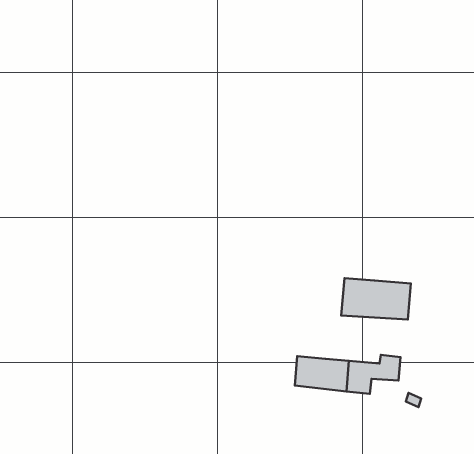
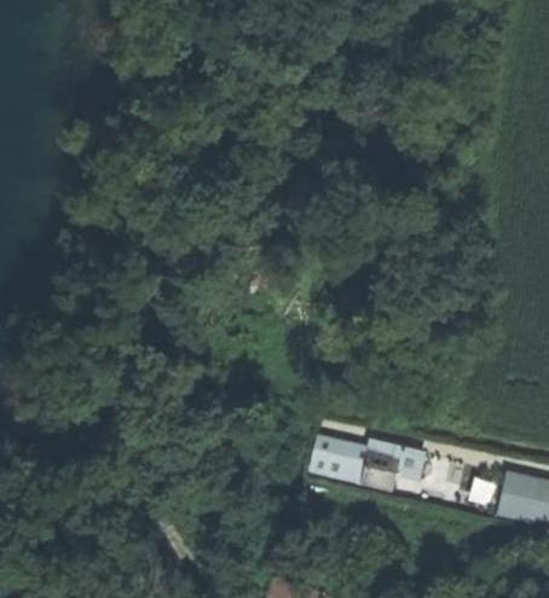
building: [341,278,411,319] -> none

